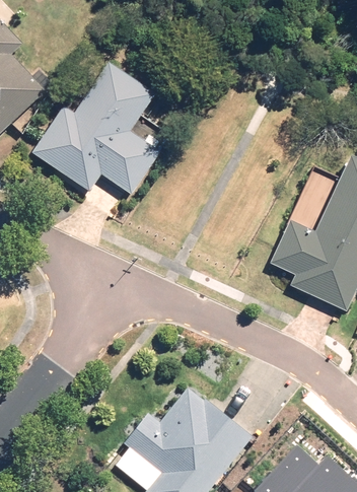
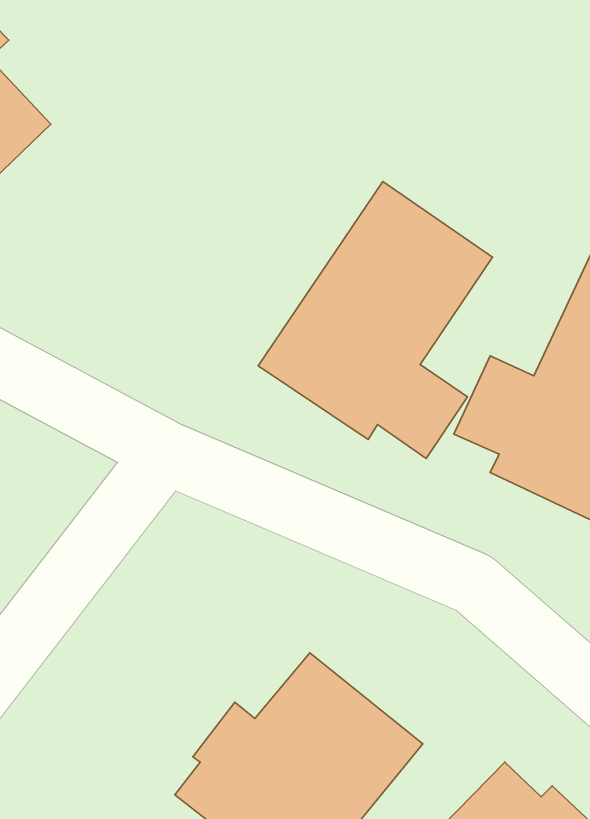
building: [33,64,161,196] -> none
building: none -> [258,181,492,458]

